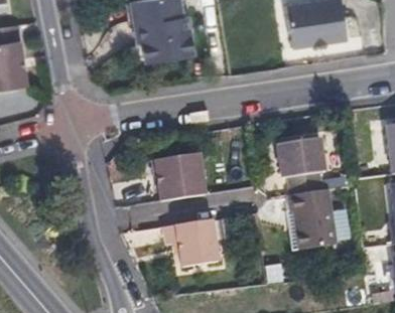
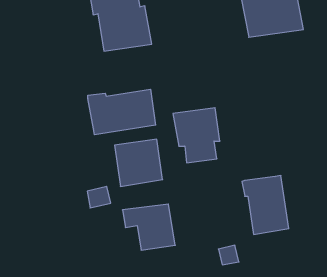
building: none -> [88,89,156,135]
building: [275,139,323,195] -> [173,108,220,163]

